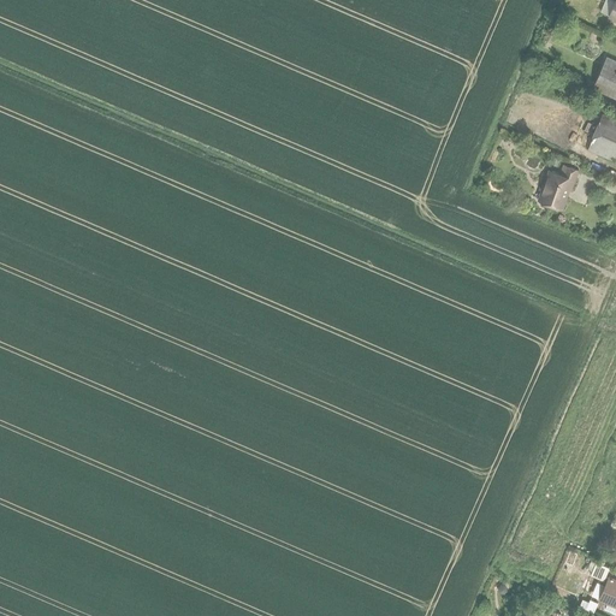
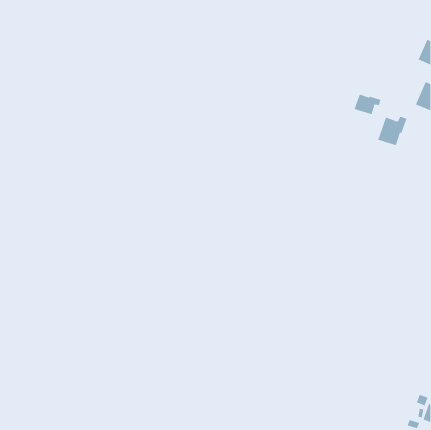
building: none -> [353,94,382,115]

